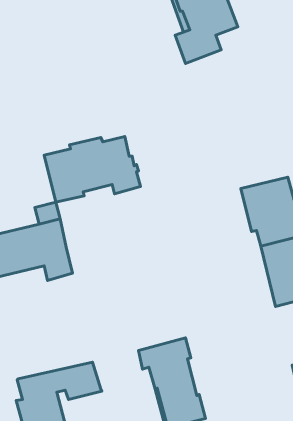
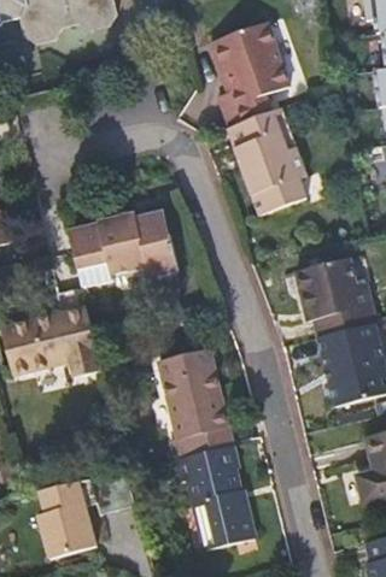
building: none -> [229,106,310,214]
building: none -> [159,346,232,458]

